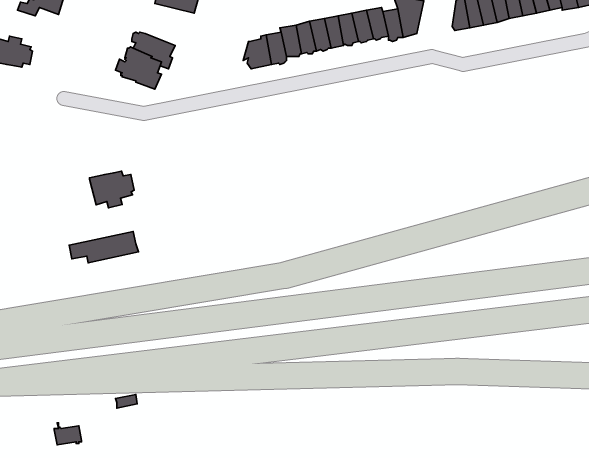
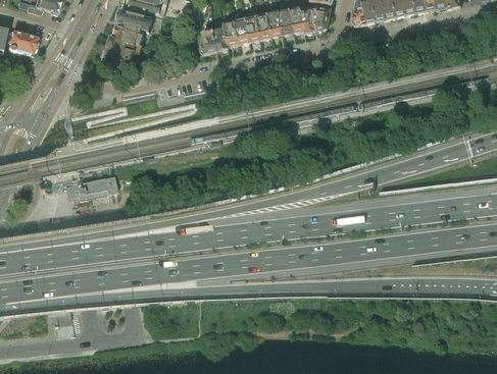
building: none -> [117,9,153,32]
building: [89,171,134,208] -> none

